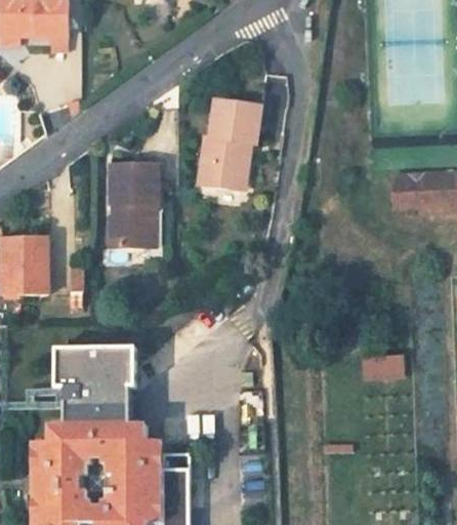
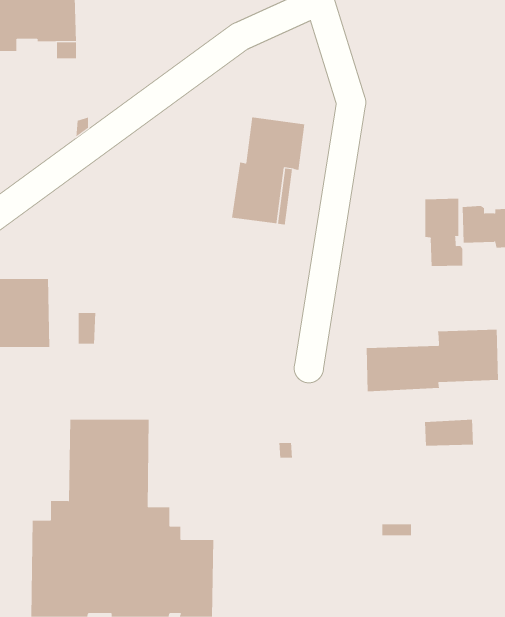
building: [110,163,156,246] -> none
building: none -> [425,198,463,267]
building: none -> [366,329,499,392]

